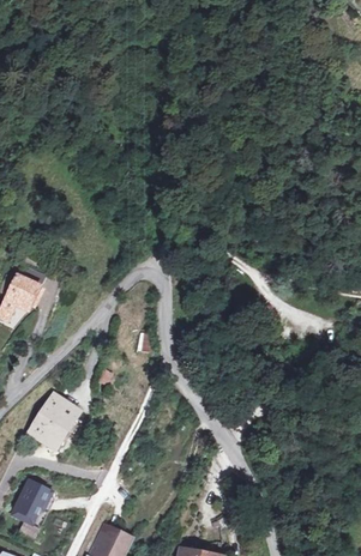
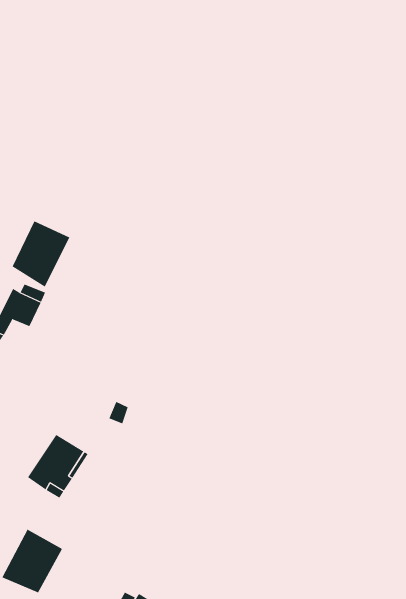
building: none -> [12,220,70,288]

